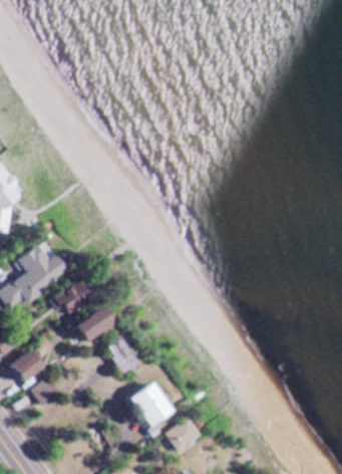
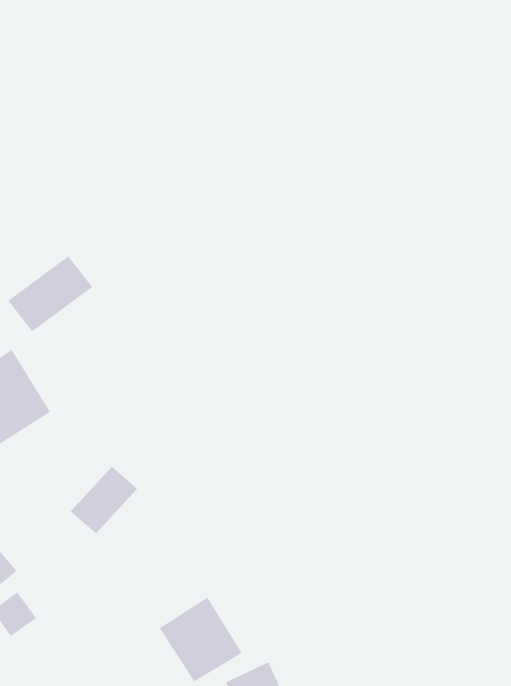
building: [49,273,98,317] -> [8,256,93,332]
building: [105,337,140,375] -> none

